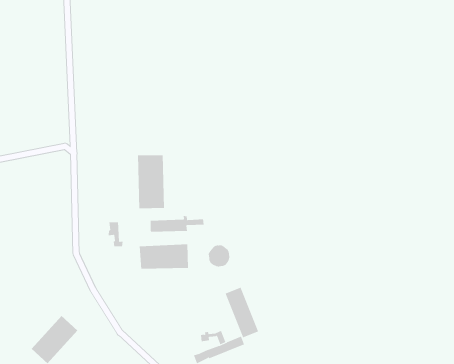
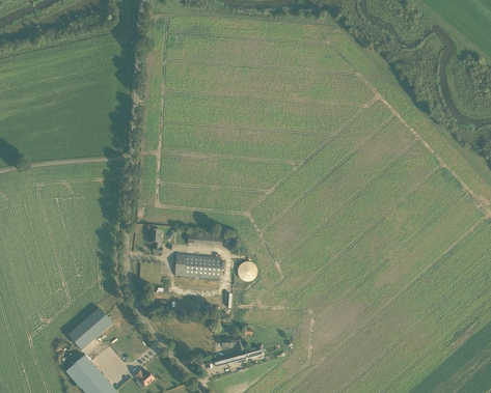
building: [137,154,164,209] -> none
building: [225,287,259,338] -> none

